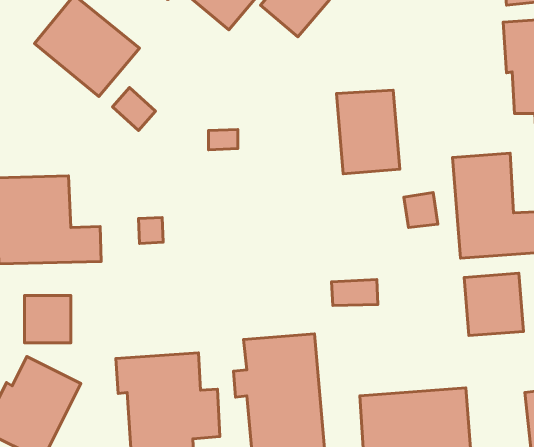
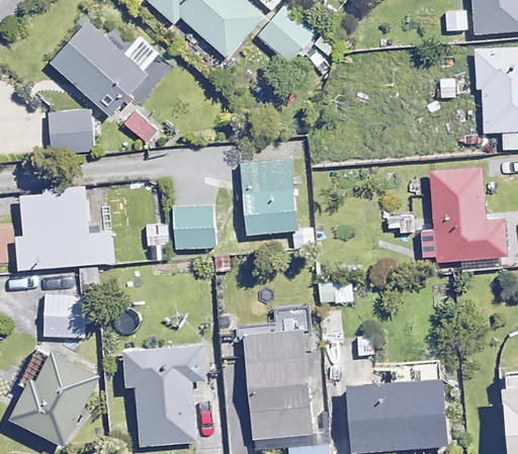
building: none -> [52,109,94,154]
building: [337,90,400,174] -> [241,160,297,235]
building: none -> [174,208,218,251]
building: [464,273,523,336] -> none

